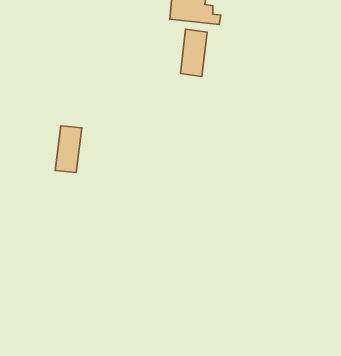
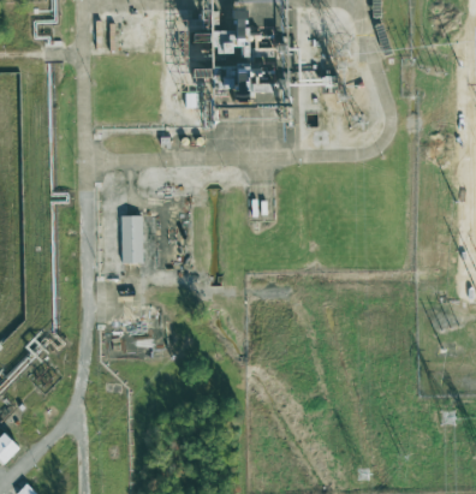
building: [180,29,207,77] -> none

